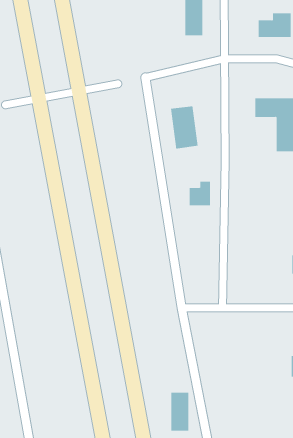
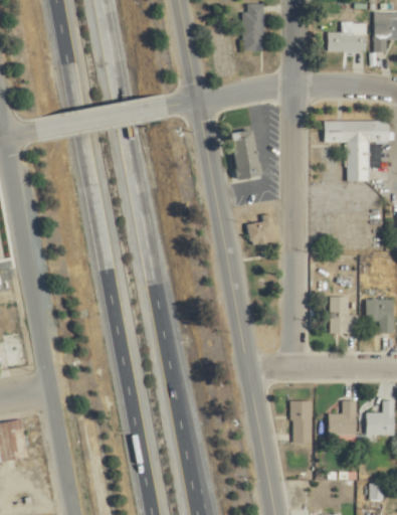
building: none -> [330,297,358,333]
building: none -> [328,400,356,439]
building: [170,392,189,431] -> [290,401,312,446]

